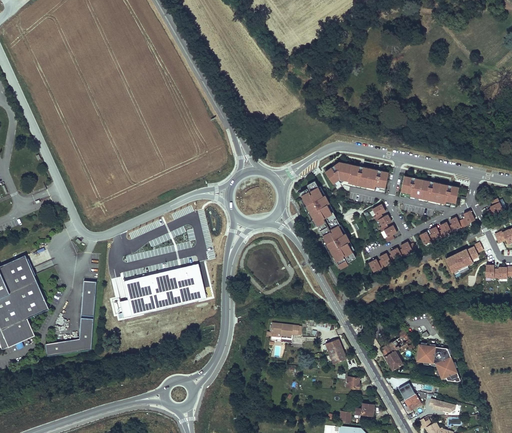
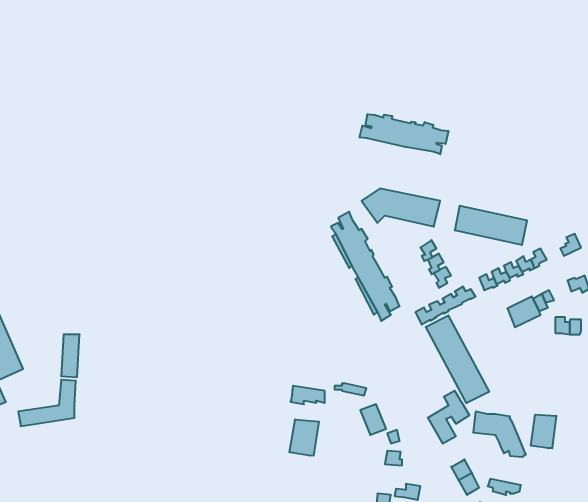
building: none -> [359,114,448,154]
building: [111,263,206,318] -> none
building: none -> [426,315,489,403]
building: none -> [531,415,556,448]
building: none -> [289,419,319,456]

